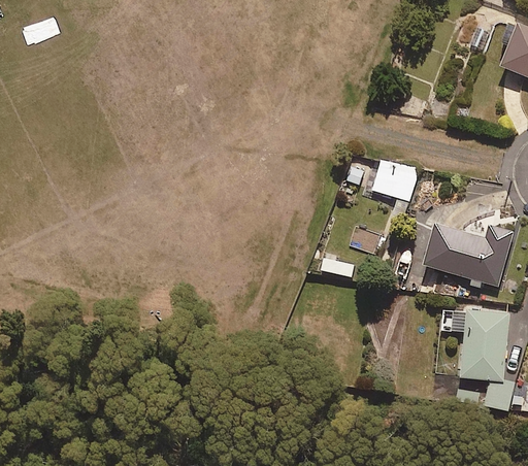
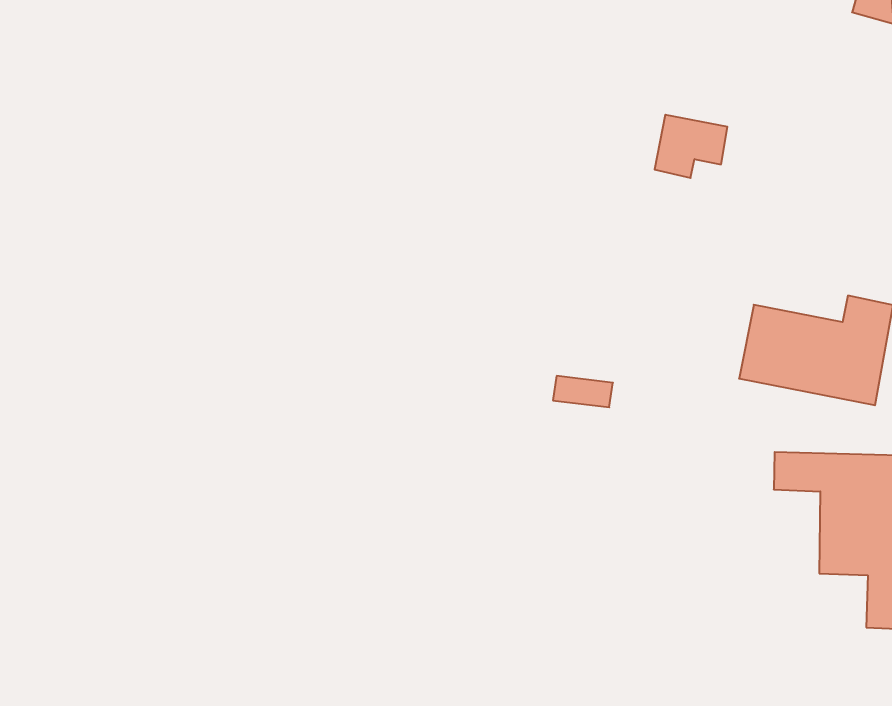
building: [372,158,415,194] -> [655,115,727,178]

